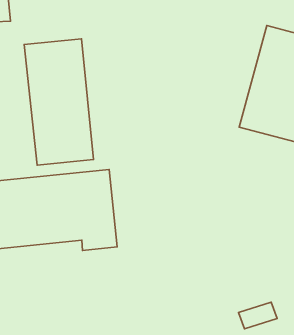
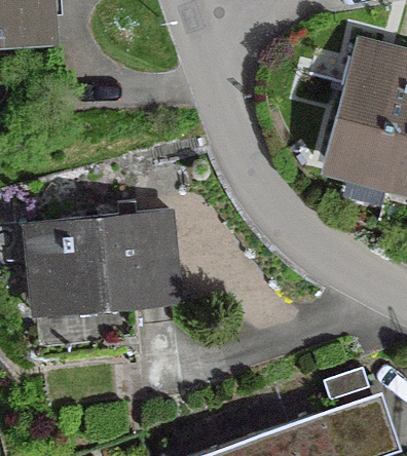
building: [24,39,94,165] -> none

